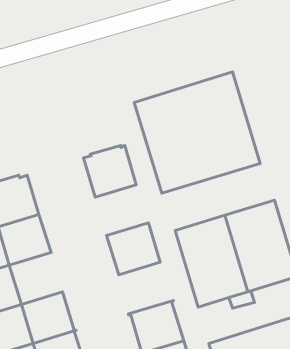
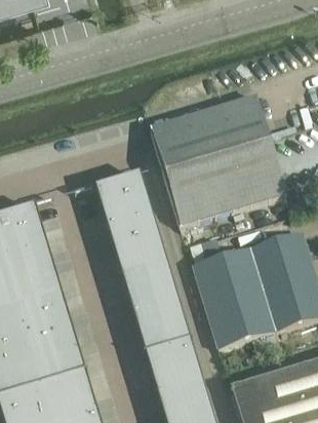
building: none -> [108,217,165,271]
building: none -> [15,290,73,345]
building: none -> [133,300,192,355]

